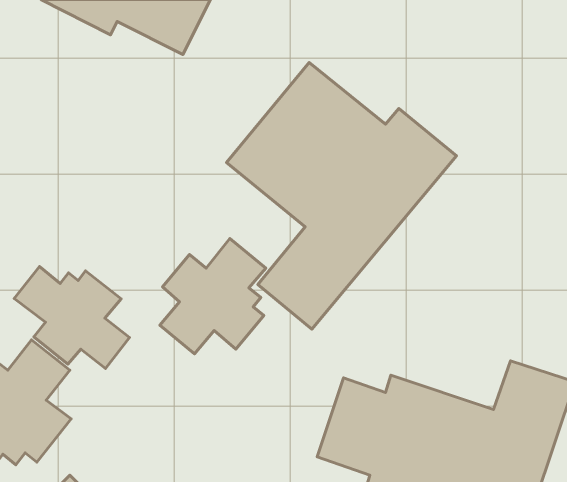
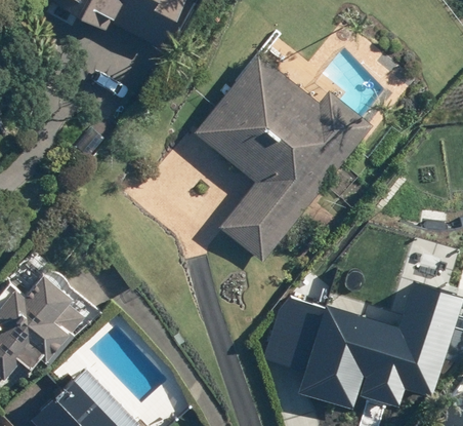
building: [160,239,266,354] -> none
building: [14,266,130,369] -> none

